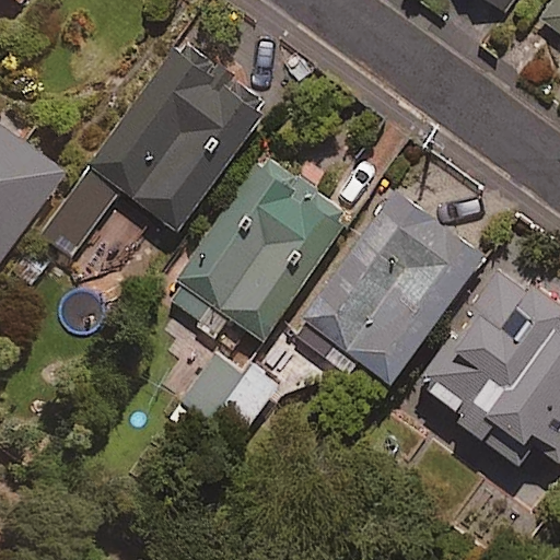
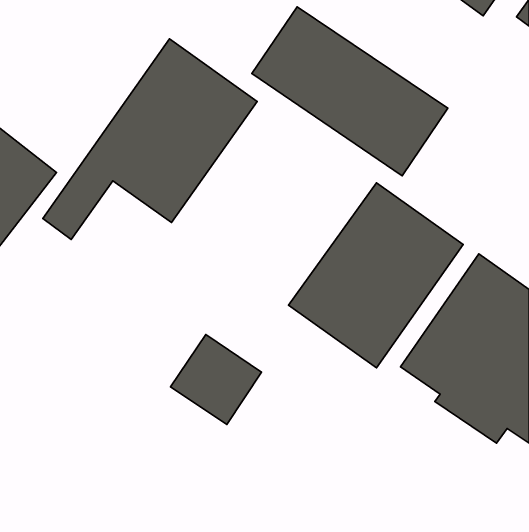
building: none -> [252,7,448,176]
building: [159,151,355,343] -> none

